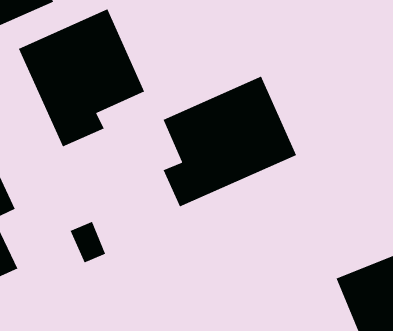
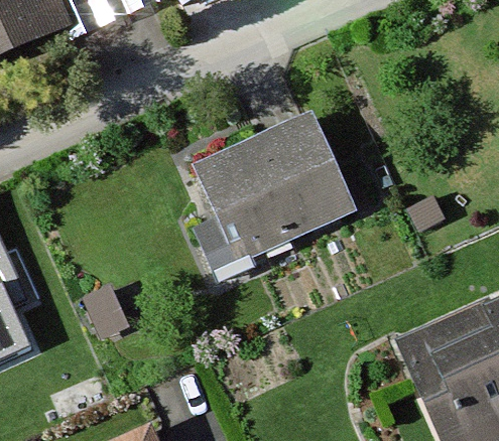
building: [18,8,145,147] -> none

